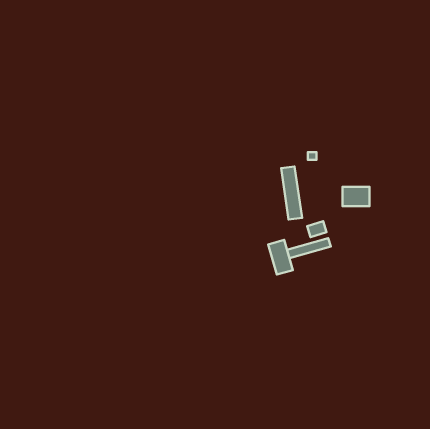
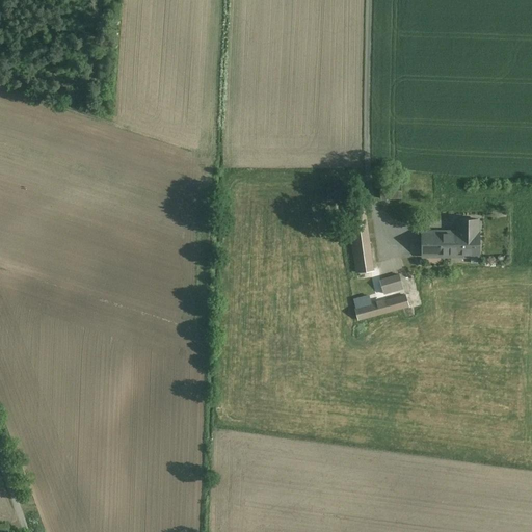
building: none -> [456,218,480,255]
building: [268,240,293,275] -> none

